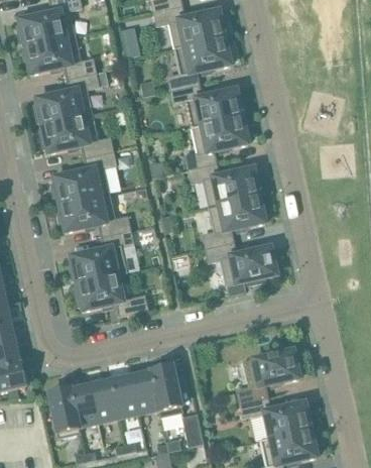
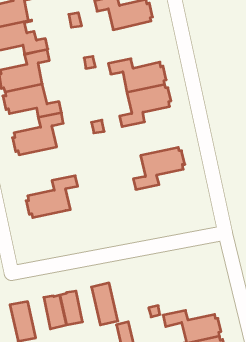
building: [167,36,232,90] -> none
building: [188,162,260,205] -> none
building: [56,194,129,236] -> none
building: [205,241,277,284] -> none
building: [74,273,149,315] -> none
building: [236,349,300,402] -> none
building: [130,369,160,417] -> none
building: [70,382,98,433] -> none

